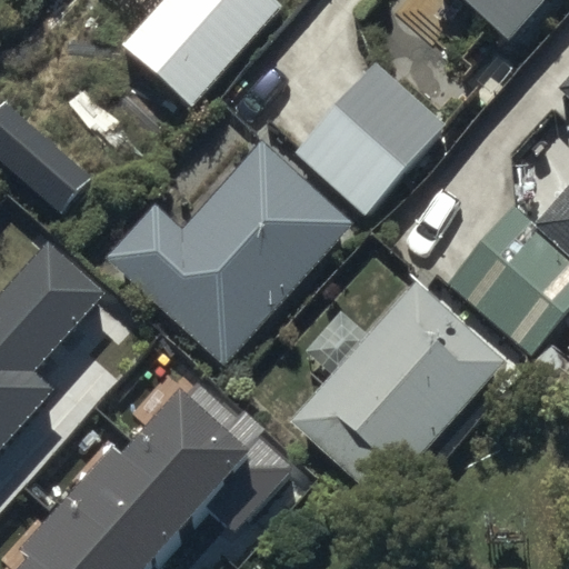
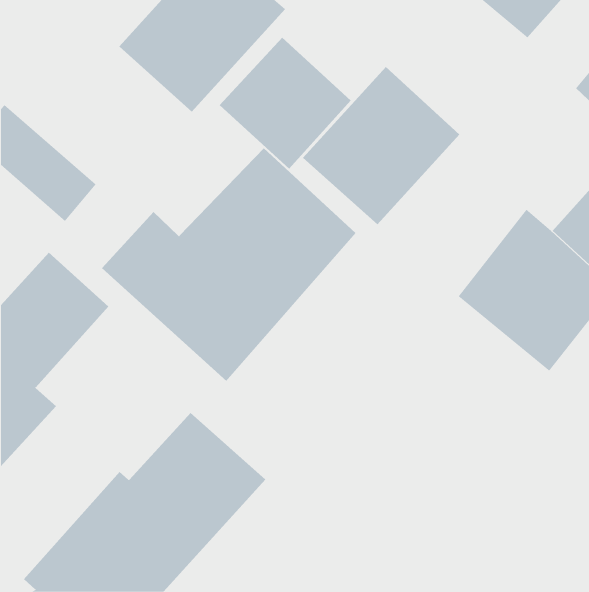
building: none -> [219,37,352,169]
building: [288,279,502,498] -> none

